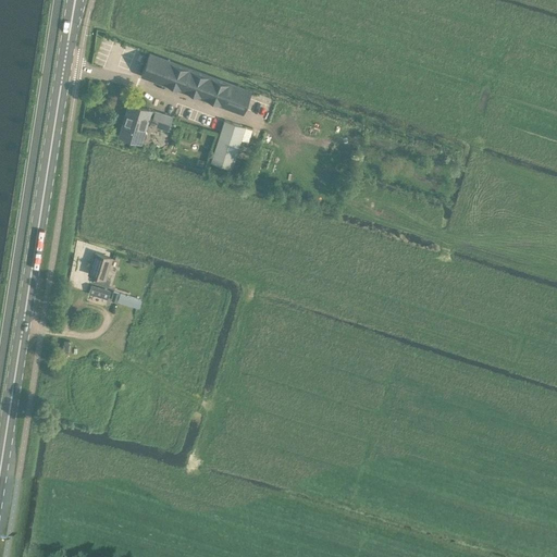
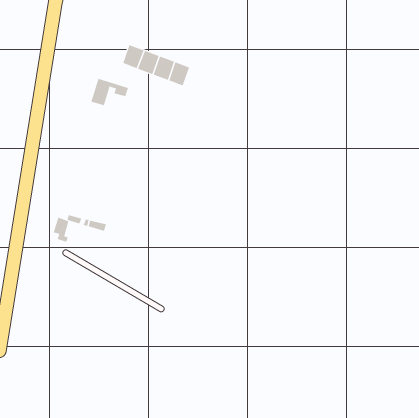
building: [139,53,171,86] -> none
building: [209,122,244,171] -> none
building: [88,255,110,288] -> [53,217,69,242]

